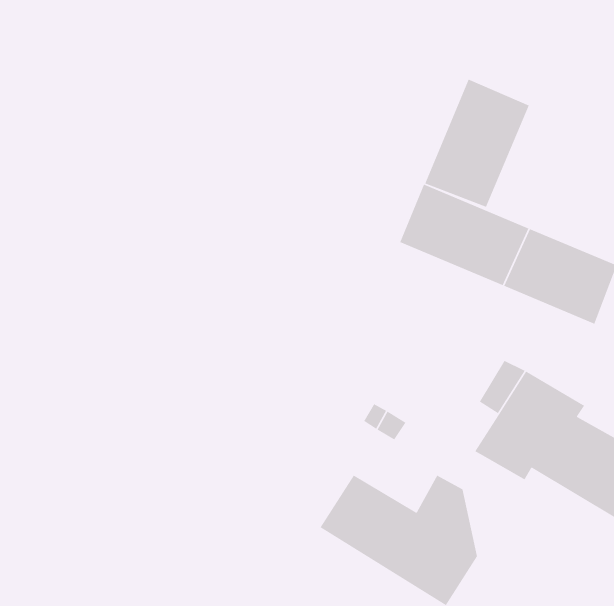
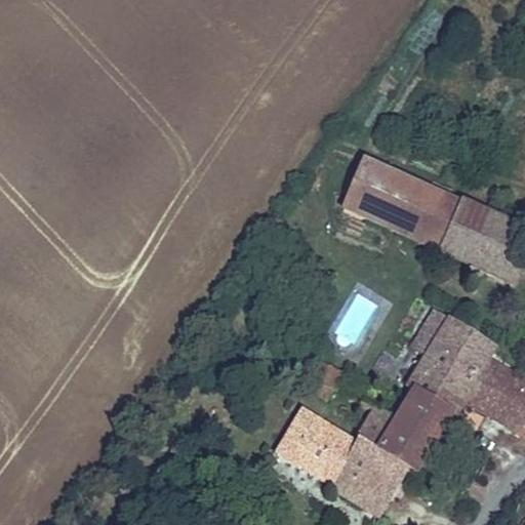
building: [424,78,530,208] -> none
building: none -> [396,388,456,477]

